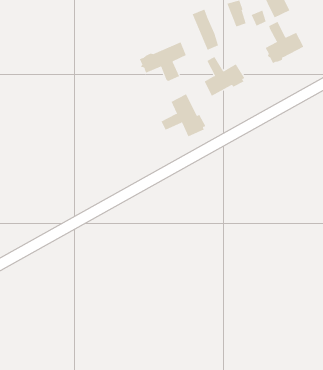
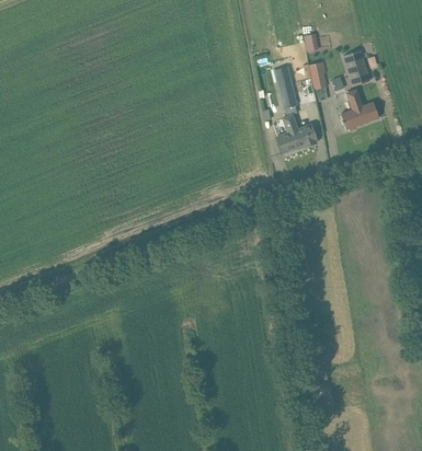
building: [139,42,187,82] -> none
building: [161,94,206,137] -> none

